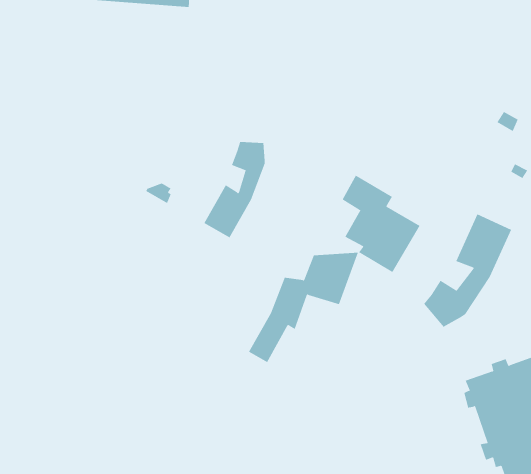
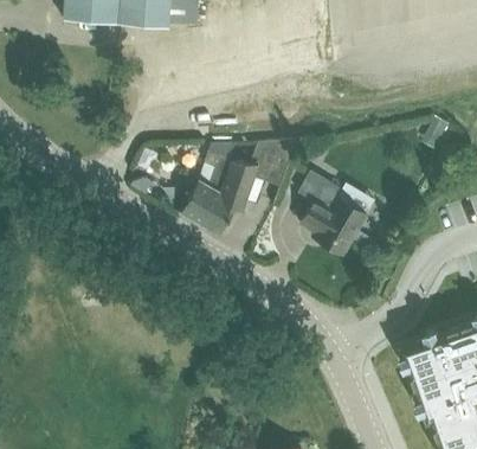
building: [424,213,512,328] -> none
building: [248,252,359,363] -> [204,140,298,235]

